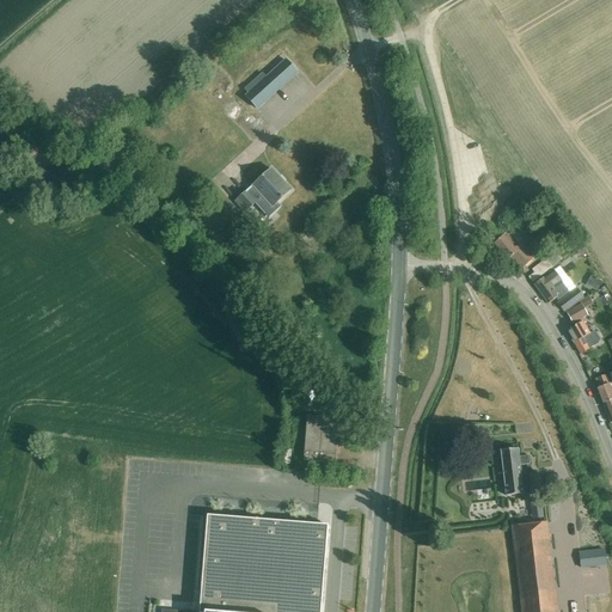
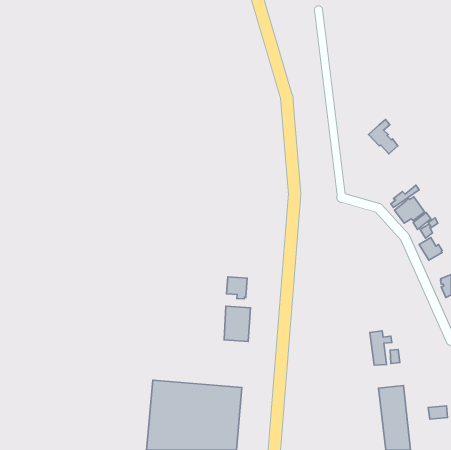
building: [244,59,299,110] -> none
building: [238,169,290,209] -> none
building: [494,222,533,269] -> [369,119,398,154]
building: none -> [226,277,247,299]

